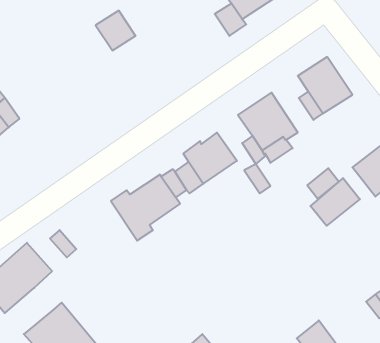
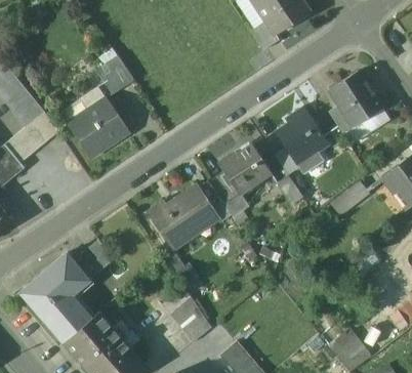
building: [96,11,136,50] -> [96,56,135,95]
building: none -> [67,98,129,160]
building: [310,178,360,226] -> none
building: none -> [161,287,211,343]
building: none -> [44,297,91,342]

